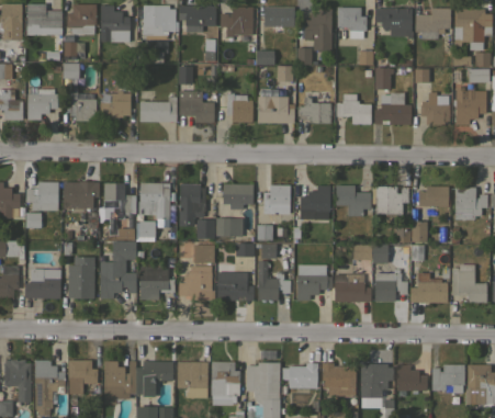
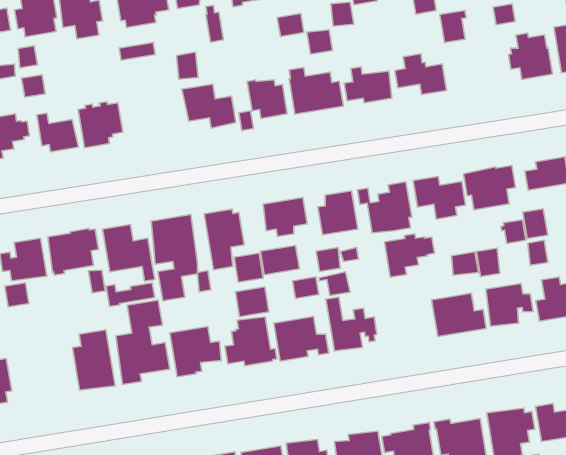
building: [375,92,412,125] -> none
building: [139,97,177,122] -> none
building: [25,263,60,298] -> none
building: [297,272,333,301] -> [384,234,435,277]

